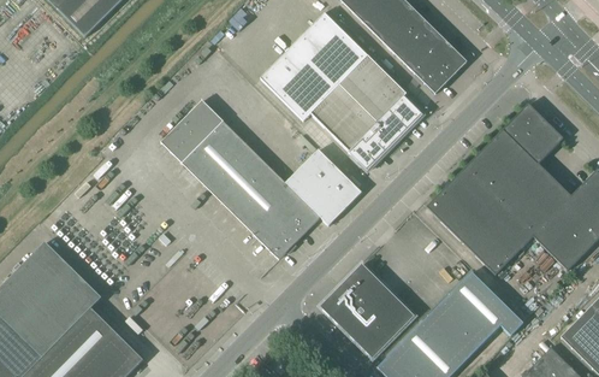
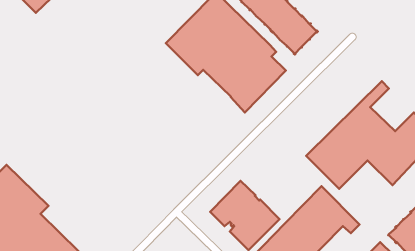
building: [160,100,361,266] -> none
building: [426,104,552,230] -> none

